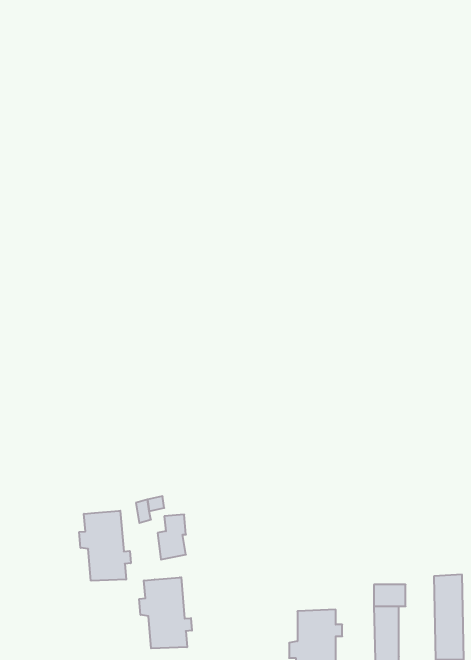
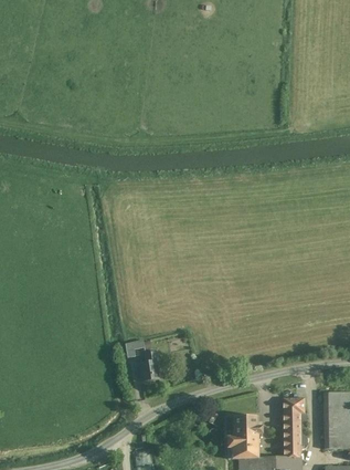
building: [79,511,131,581] -> none
building: [139,577,192,648] -> none

